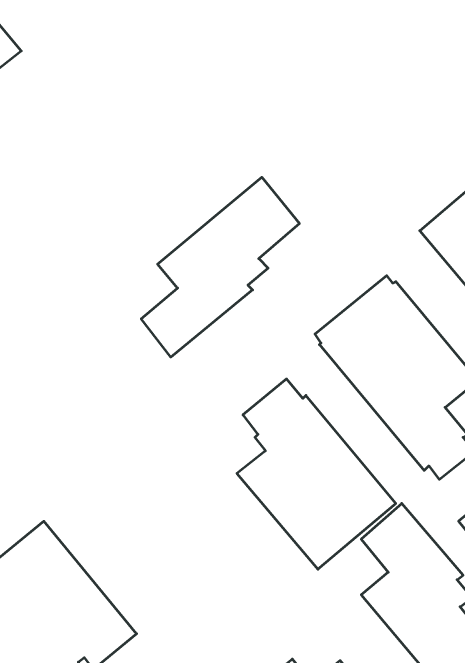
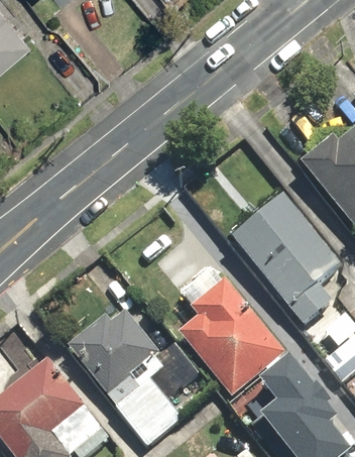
building: [141,177,299,357] -> none
building: none -> [68,311,184,446]

